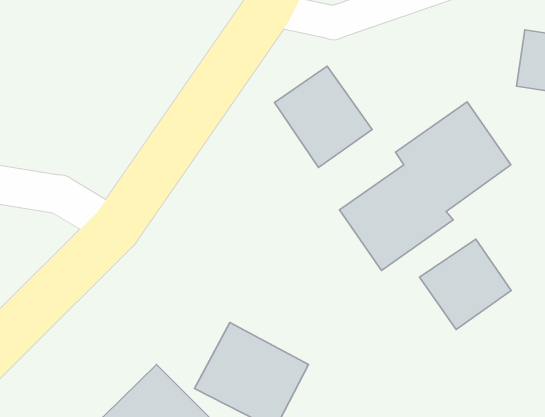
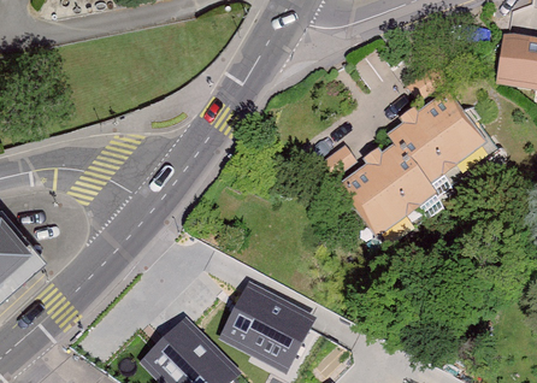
building: [274,66,372,168] -> none
building: [419,239,511,329] -> none

